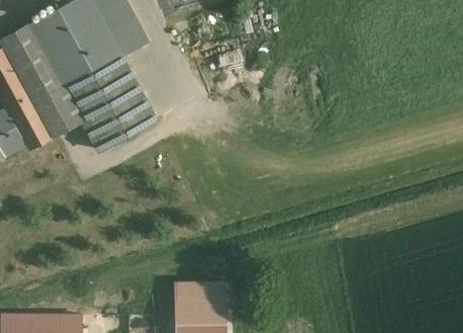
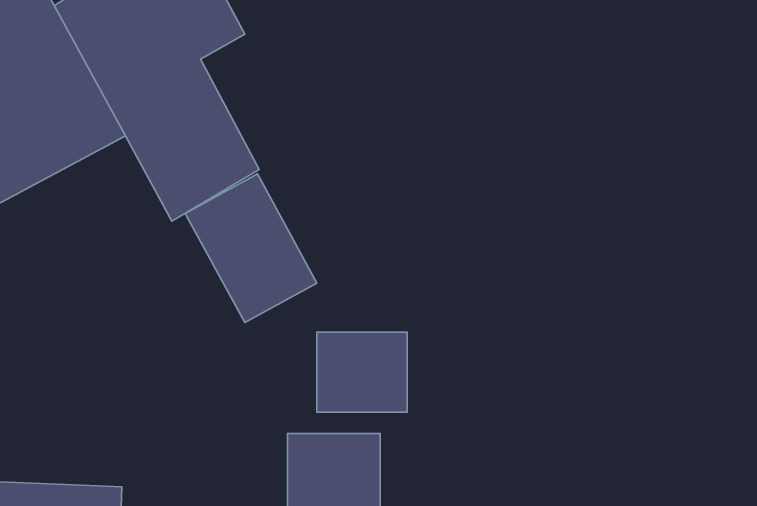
building: none -> [185,174,317,323]
building: none -> [317,332,407,412]

